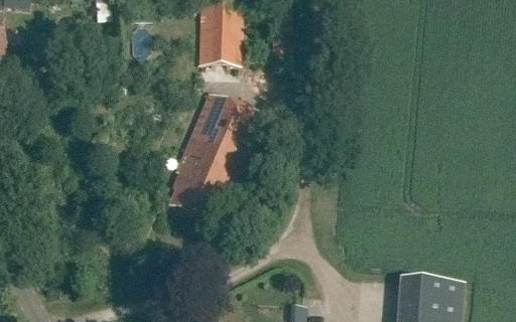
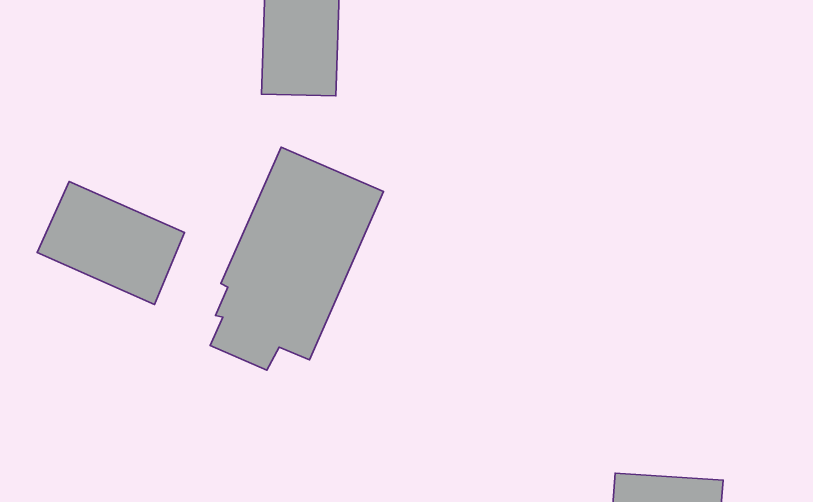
building: none -> [37,182,185,304]

